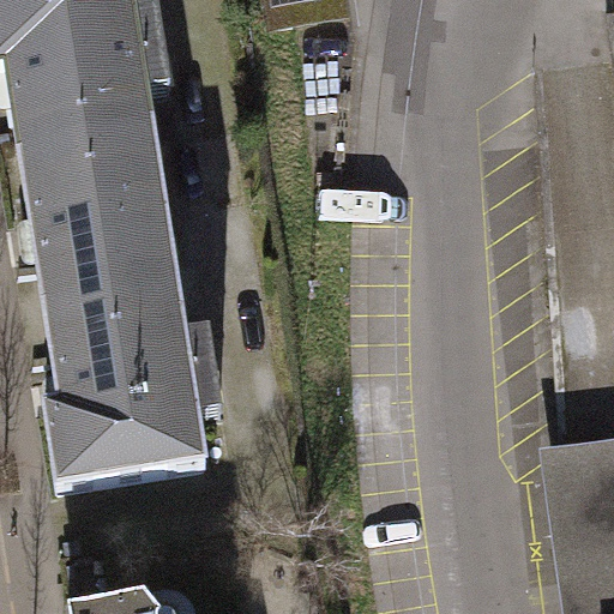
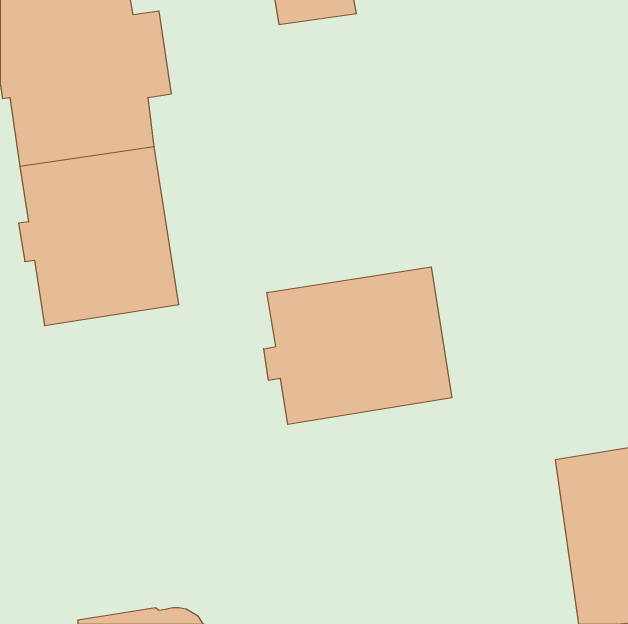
building: none -> [264,267,452,424]
building: [46,296,222,488] -> none

